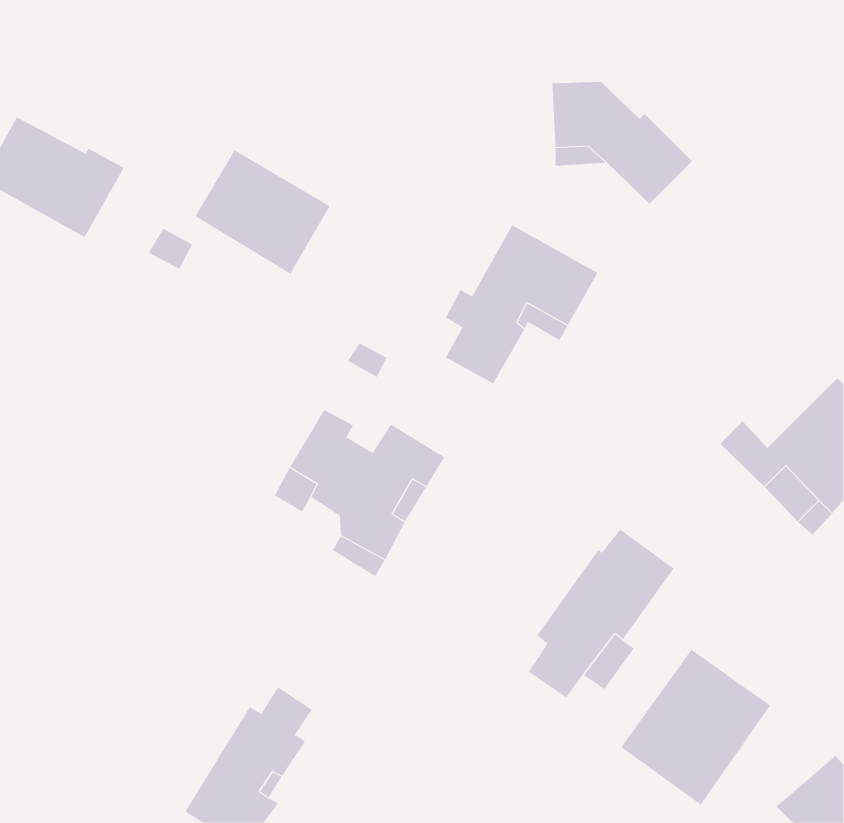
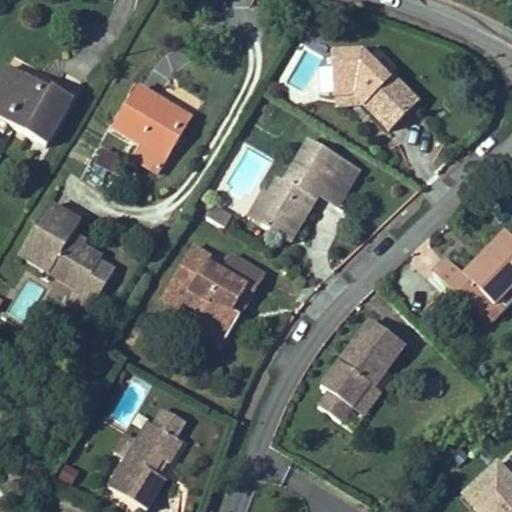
building: none -> [249,188,297,239]
building: none -> [24,204,106,292]
building: [620,649,771,806] -> none

